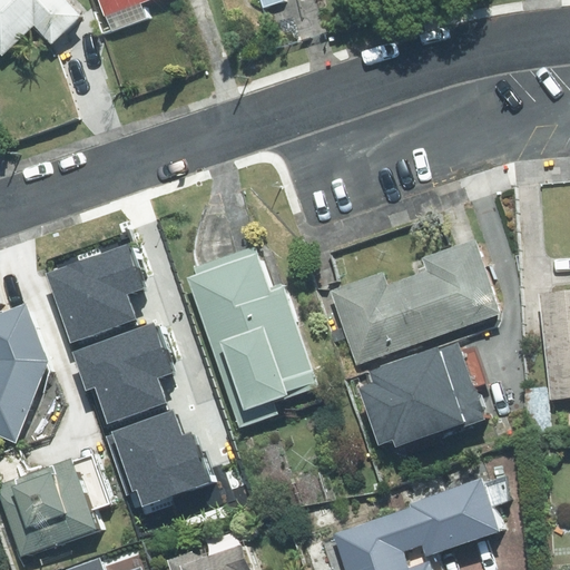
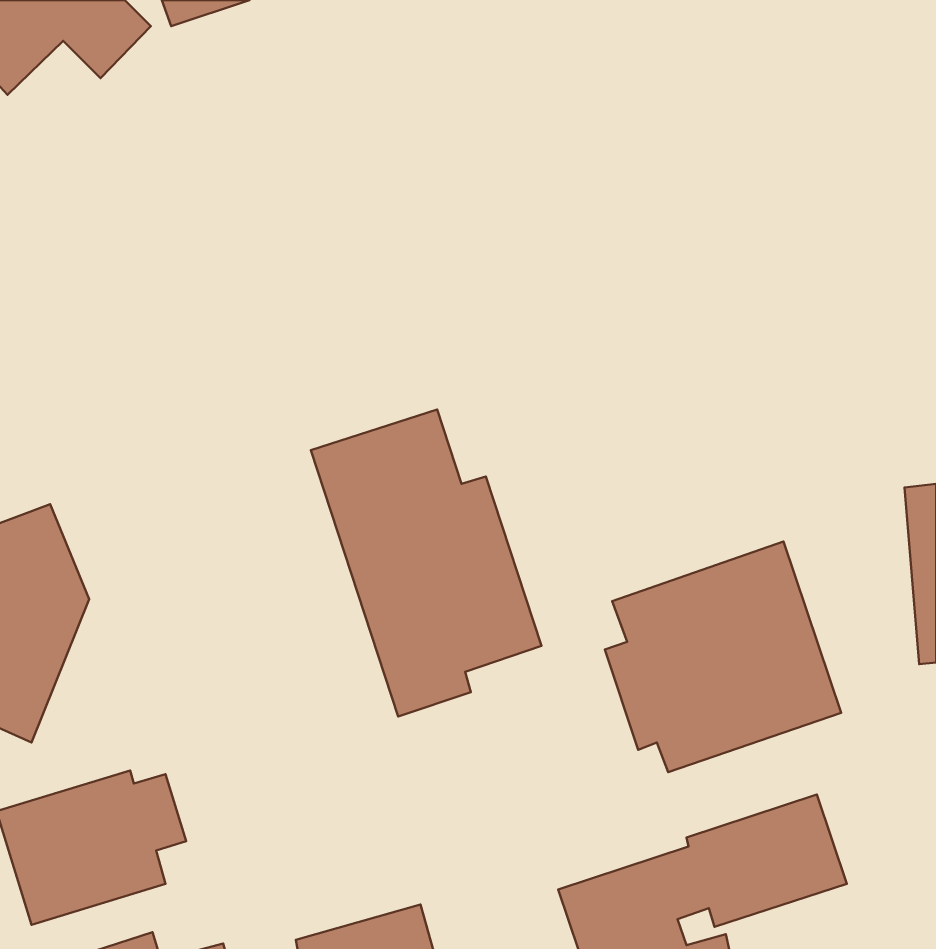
building: [328,240,503,364] -> none
building: [36,244,135,344] -> none
building: [60,321,163,423] -> none
building: [96,411,206,508] -> none

